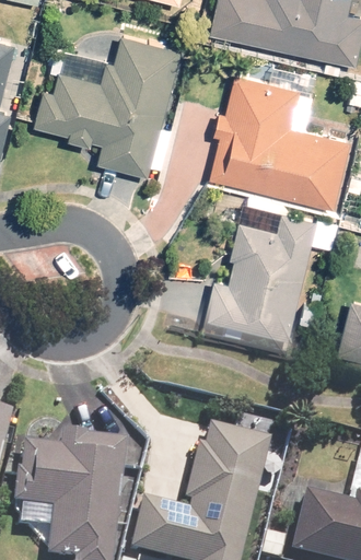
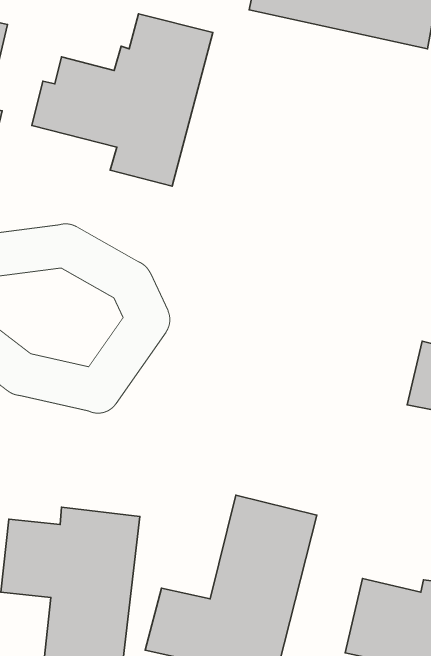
building: [210,78,348,208] -> none
building: [200,214,316,351] -> none

